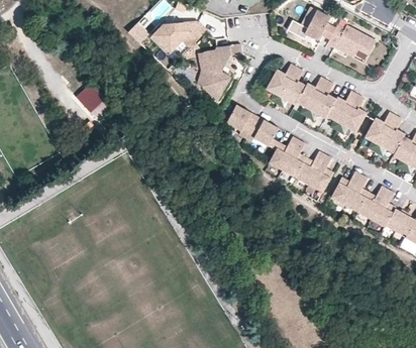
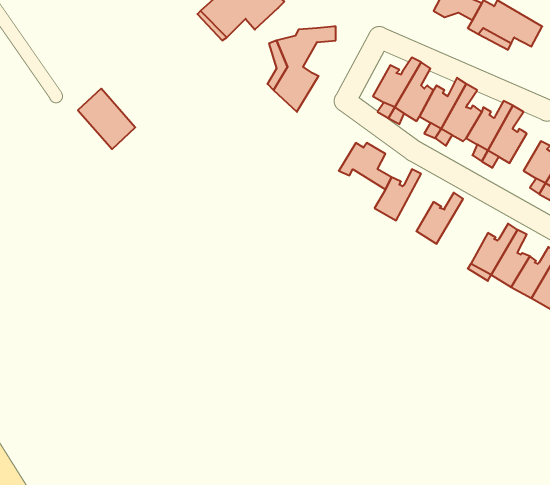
building: [225,102,255,136] -> none
building: [282,138,306,176] -> none
building: [308,154,332,192] -> none

